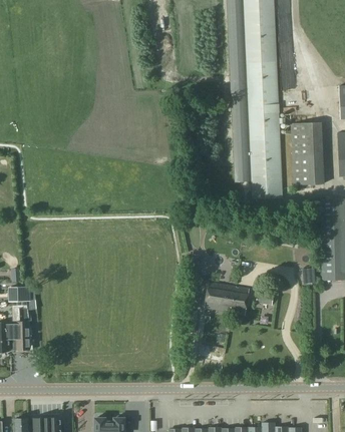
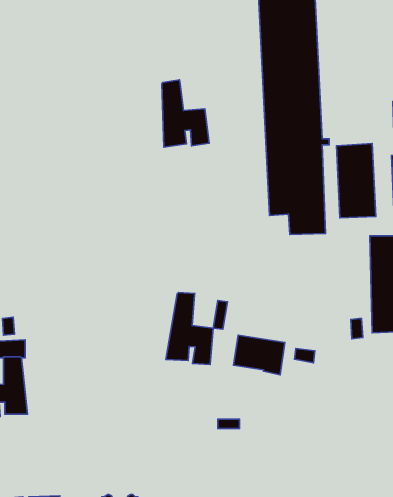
building: none -> [162,80,209,147]
building: none -> [166,293,213,364]

